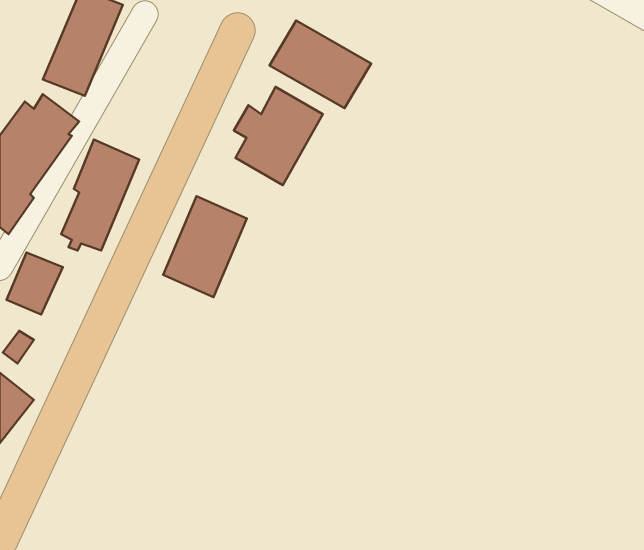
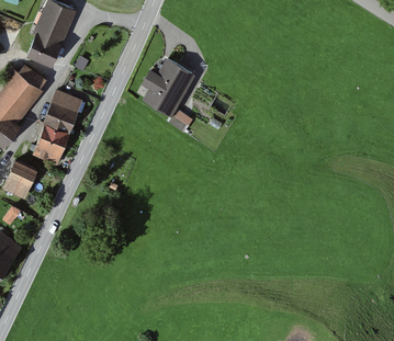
building: [269,21,371,108] -> none
building: [163,196,247,297] -> none

